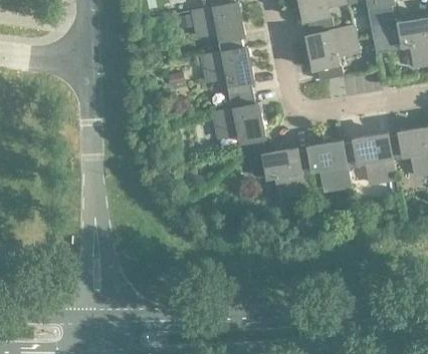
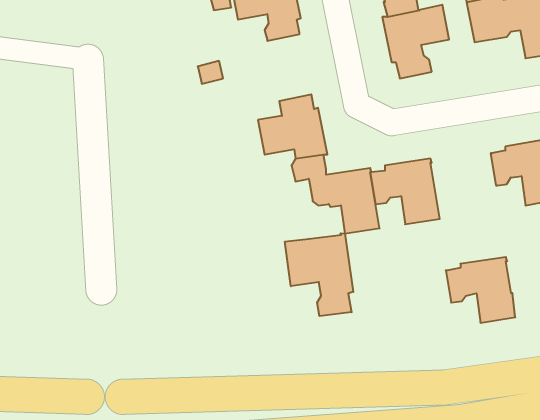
building: [202,46,254,97] -> none
building: [343,133,395,183] -> [446,257,515,323]
building: none -> [285,233,353,316]

